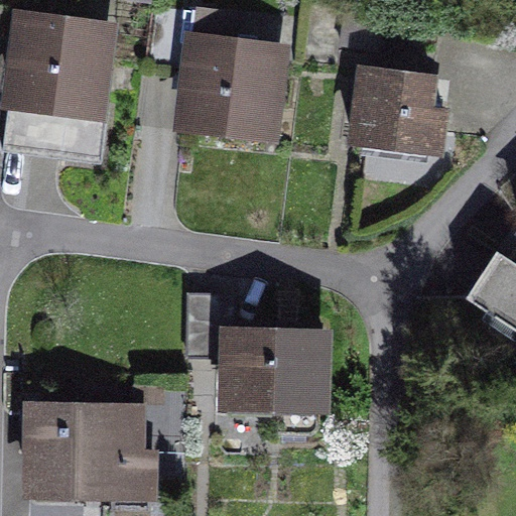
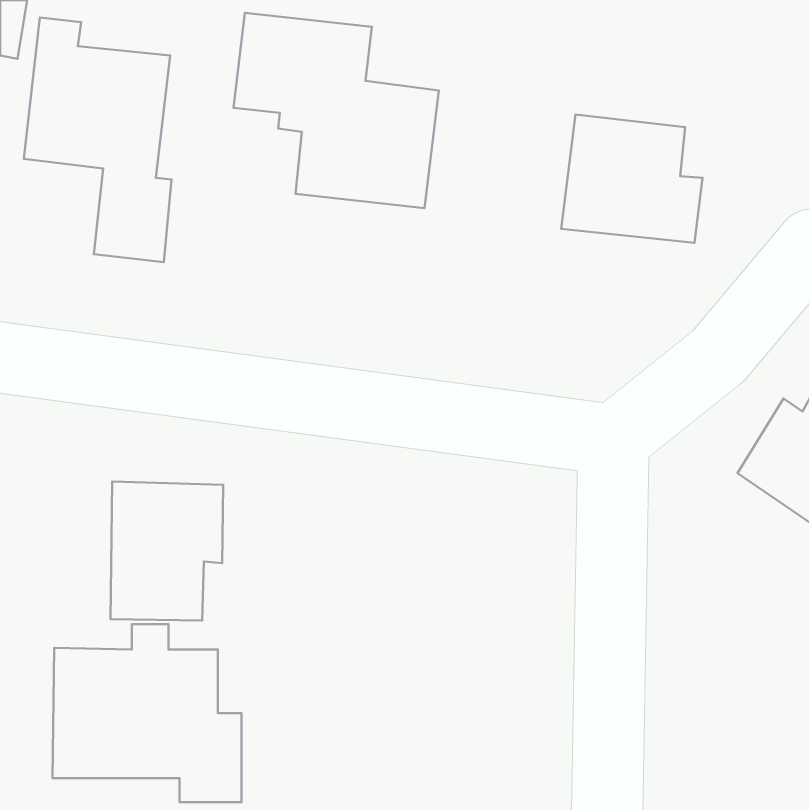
building: [190,299,325,415] -> none
building: none -> [111,481,223,621]

